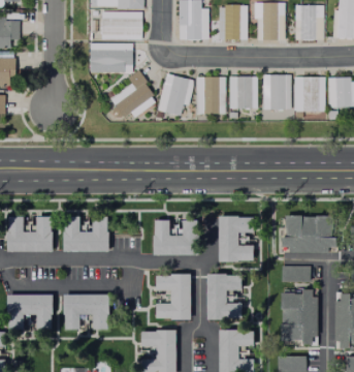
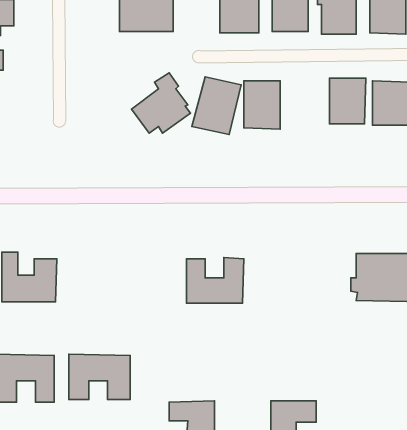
building: [92,47,134,75] -> none
building: [232,81,260,112] -> none
building: [63,214,107,249] -> none
building: [217,214,254,258] -> none
building: [281,266,314,280] -> none
building: [155,272,189,317] -> none
building: [205,272,242,318] -> none
building: [282,286,318,341] -> none

